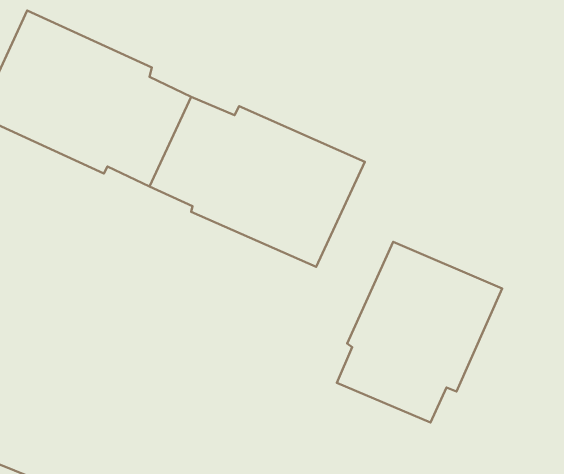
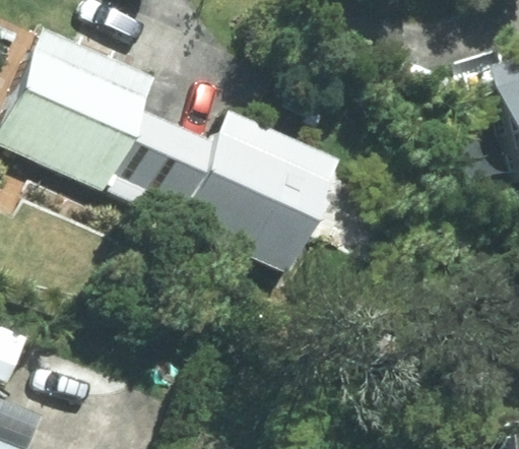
building: [337,242,502,423] -> none

